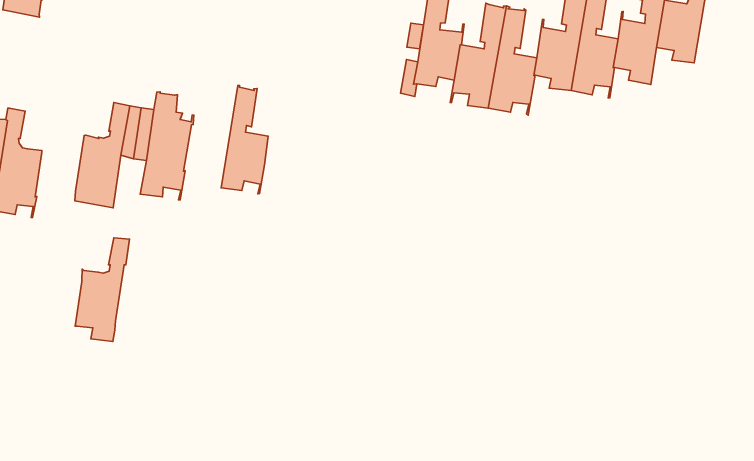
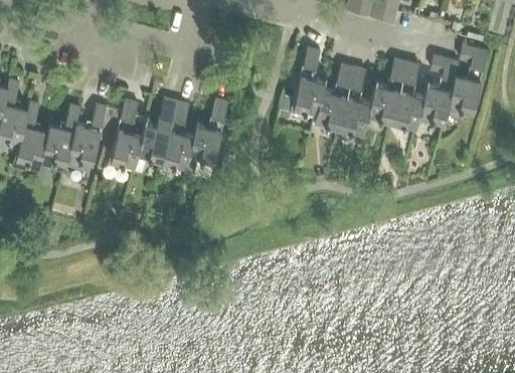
building: none -> [190,98,229,165]
building: none -> [138,97,178,164]
building: [75,238,130,341] -> [41,104,81,170]

